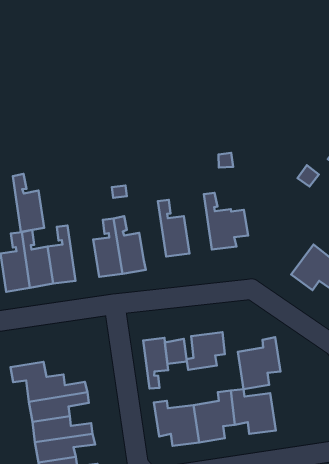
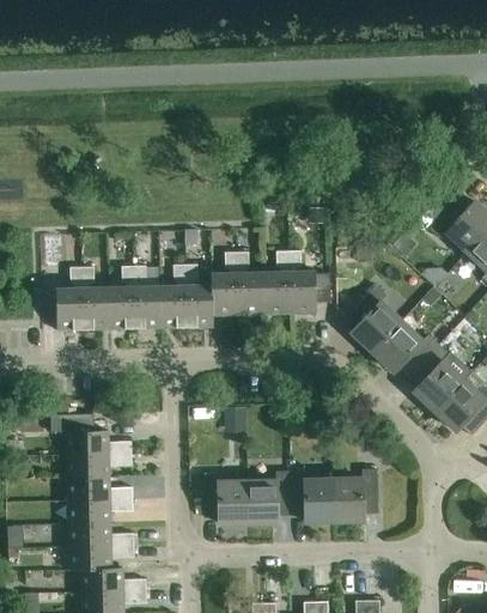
building: [13,174,44,232] -> [134,265,162,328]
building: none -> [263,250,290,314]
building: none -> [212,251,238,315]
building: none -> [351,285,402,351]
building: [187,332,225,370] -> none
building: [238,337,280,389] -> [334,468,378,521]
building: [143,338,168,388] -> none

